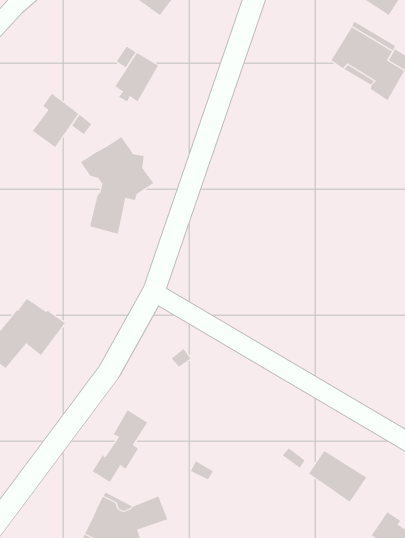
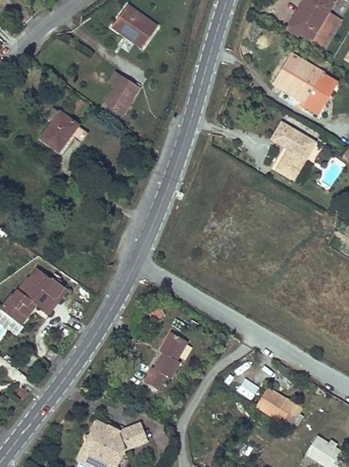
building: none -> [272,120,316,177]
building: [80,136,154,235] -> none
building: [92,410,148,483] -> [144,331,188,388]

